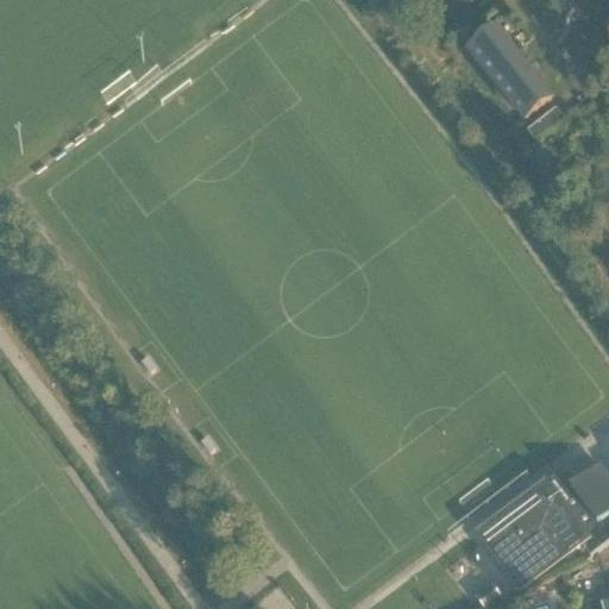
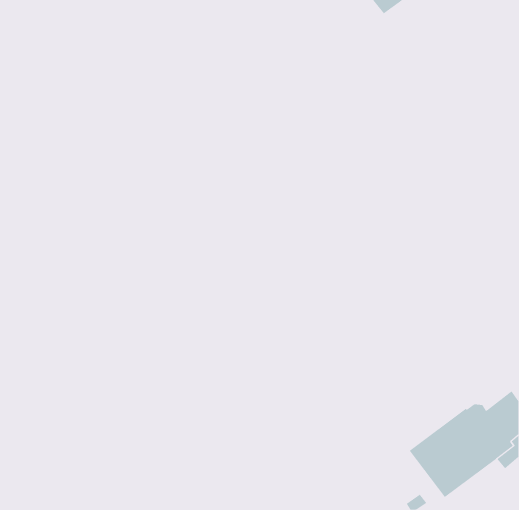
building: [476,31,548,111] -> none

